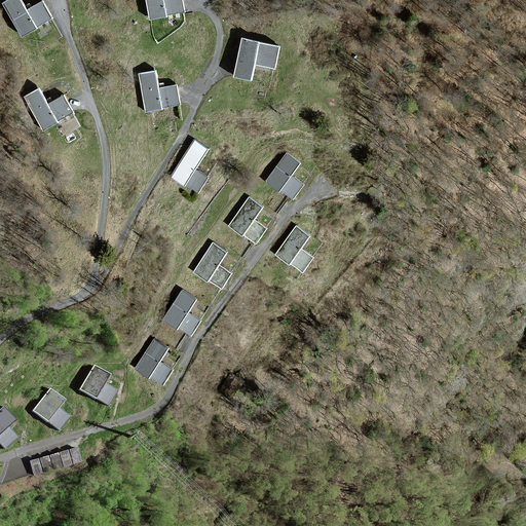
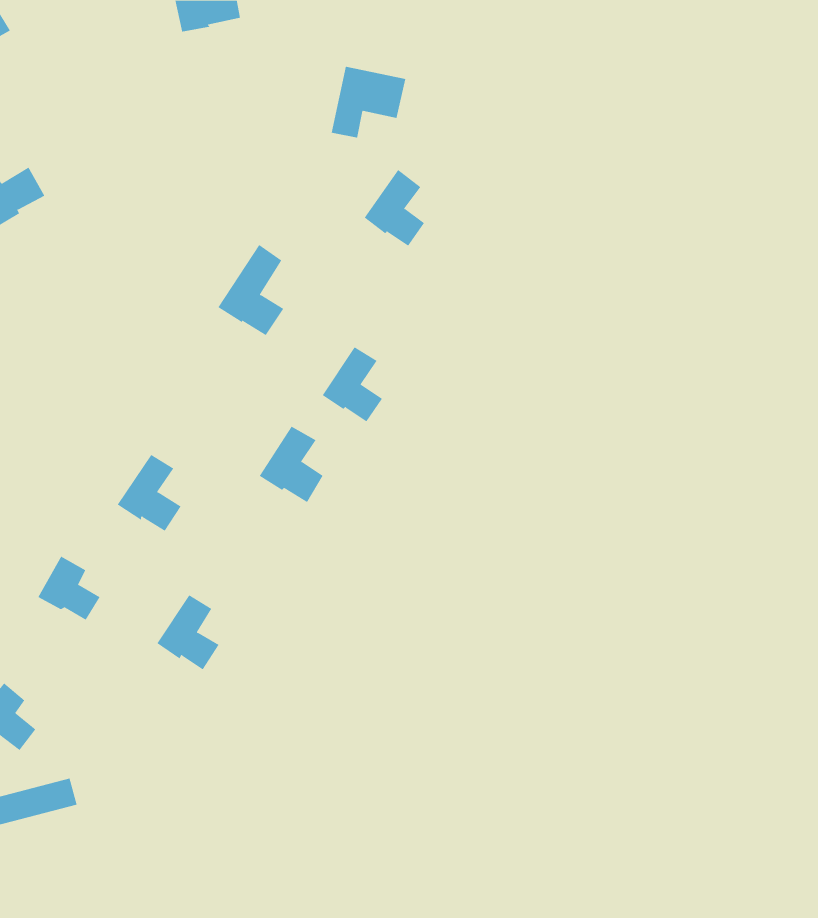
building: [138,71,179,111] -> none
building: [266,153,301,197] -> [364,169,425,246]
building: [274,226,312,272] -> none
building: [162,291,199,335] -> [117,454,181,532]
building: [77,368,113,405] -> [38,556,100,620]

